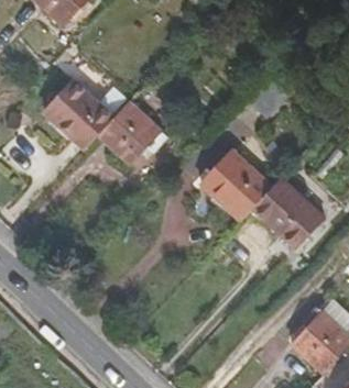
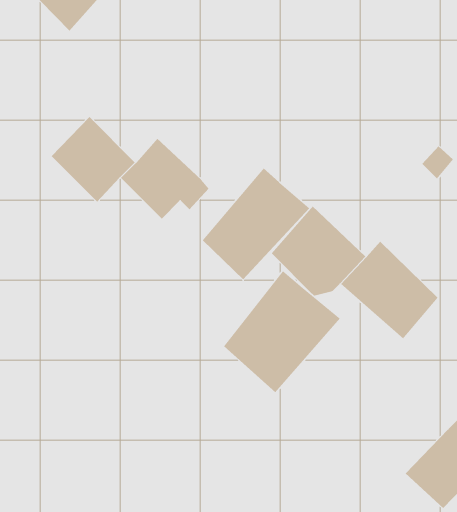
building: none -> [202,167,310,280]
building: none -> [223,270,341,393]

